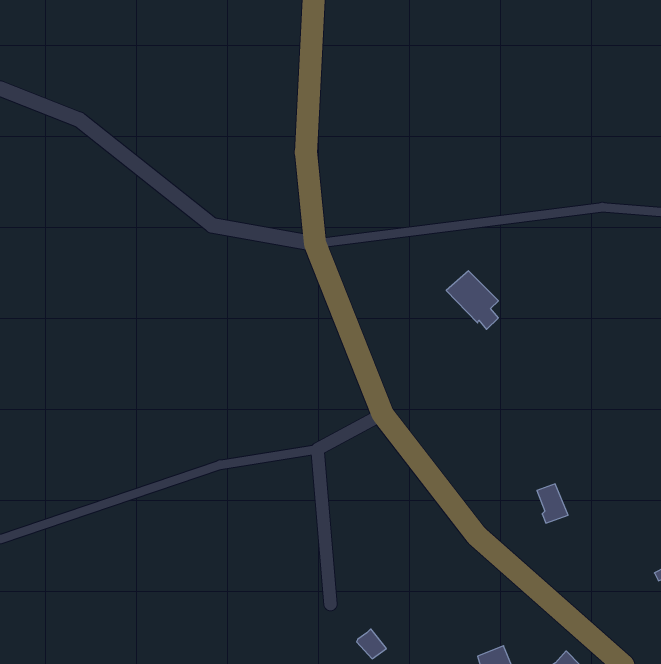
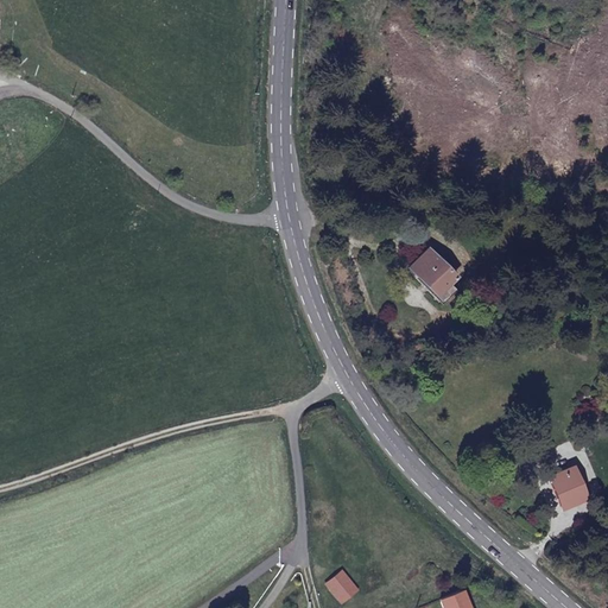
building: [537,484,568,523] -> [558,471,587,507]

